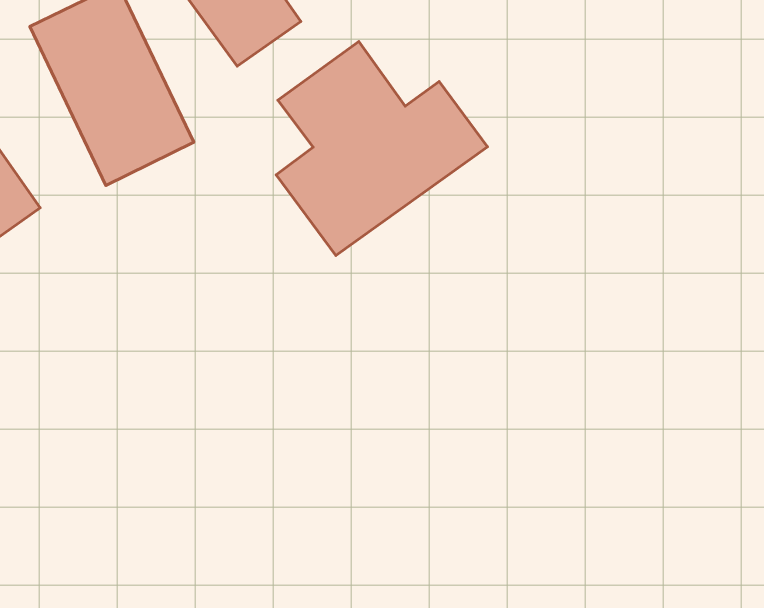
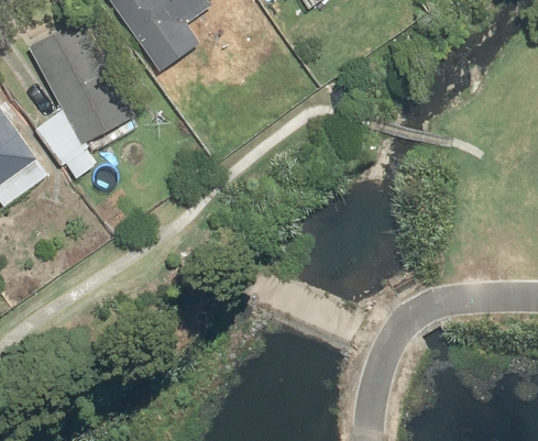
building: [276,42,487,255] -> none

